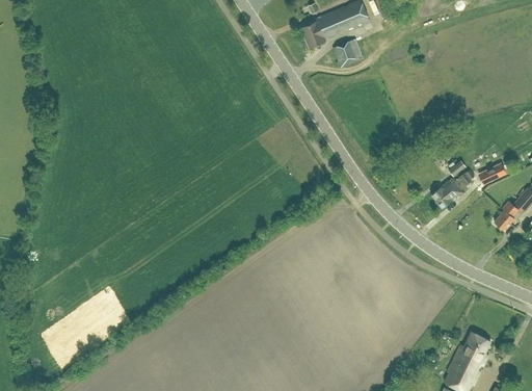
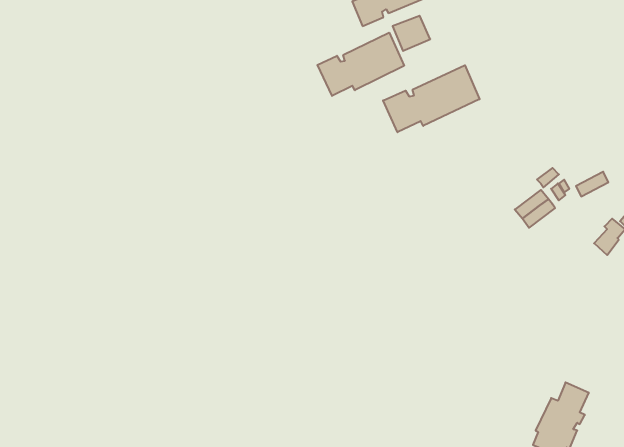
building: none -> [317,33,404,96]
building: none -> [383,65,480,132]

